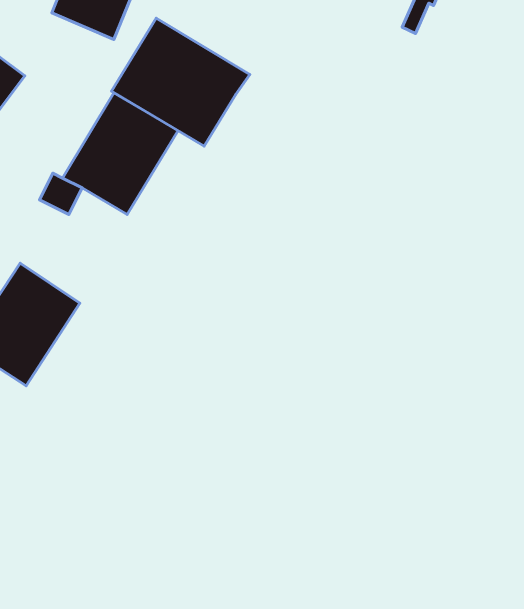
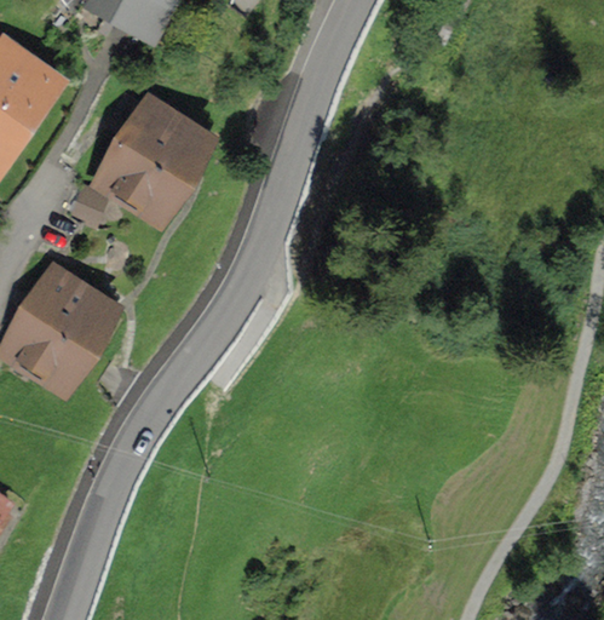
building: [111,18,250,146] -> none

